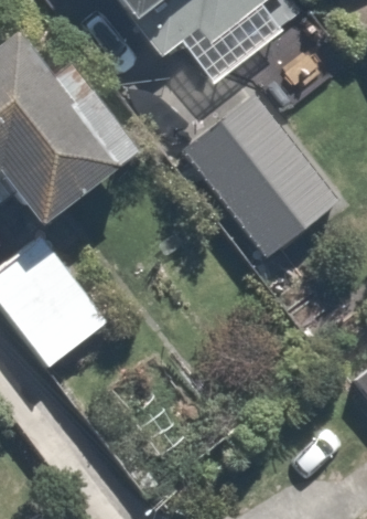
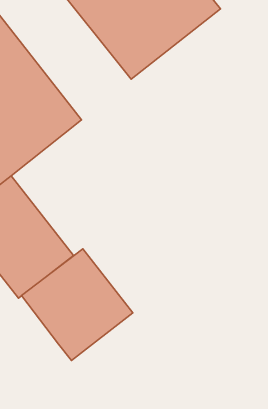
building: [177,88,338,254] -> none
building: none -> [22,249,133,360]

